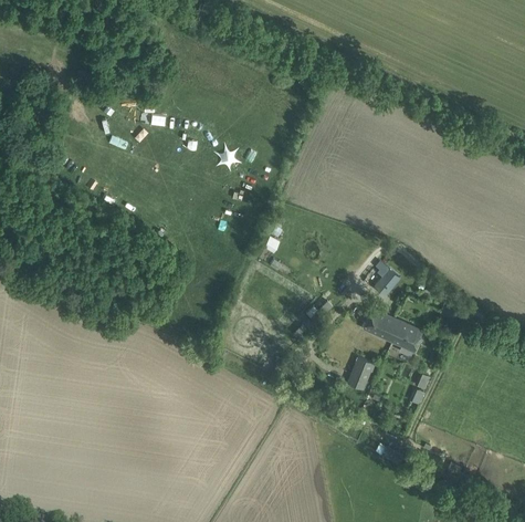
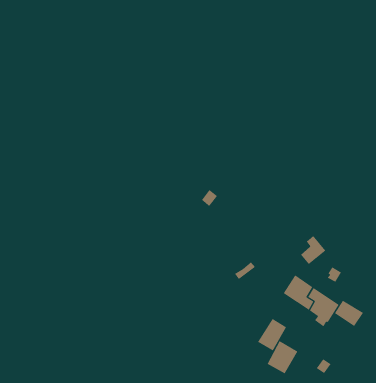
building: none -> [334,300,364,327]
building: none -> [267,340,298,374]

